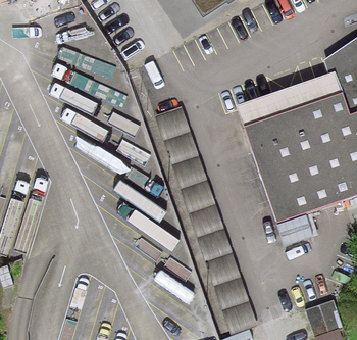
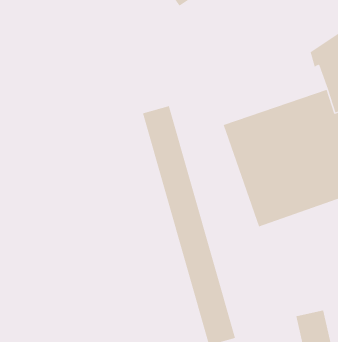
building: [236,71,341,128] -> none

